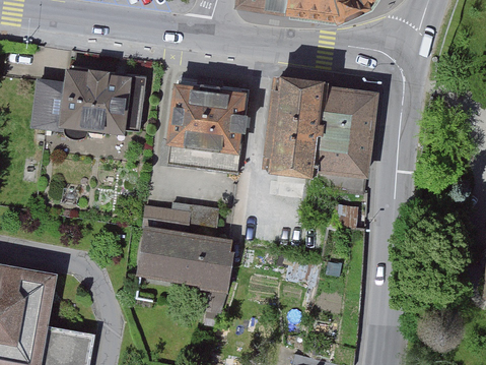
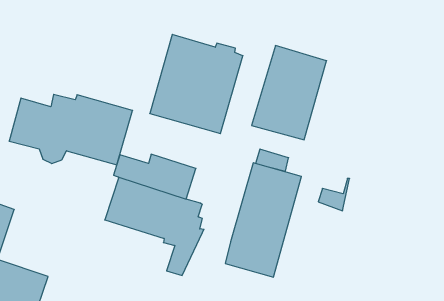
building: [33,71,146,140] -> [9,94,133,165]
building: [315,89,374,195] -> [225,163,301,277]

